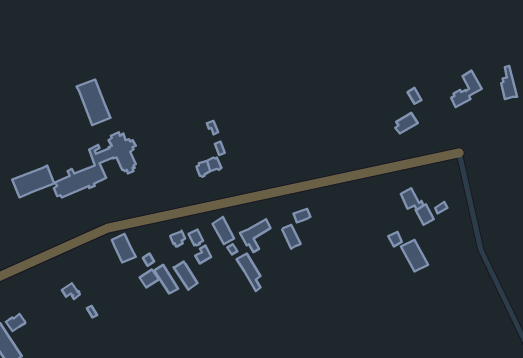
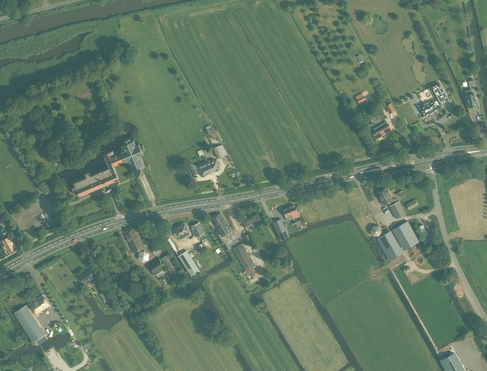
building: [77,79,111,125] -> none
building: [12,165,54,197] -> none
building: none -> [393,221,418,250]

